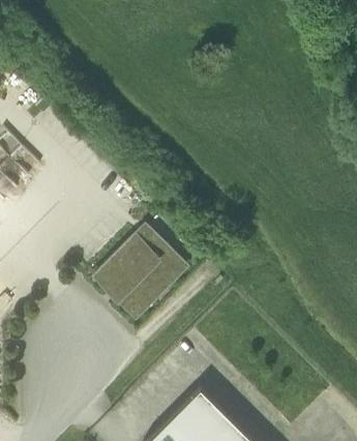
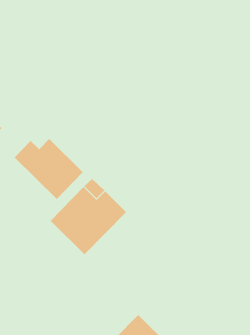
building: none -> [14,138,84,200]

